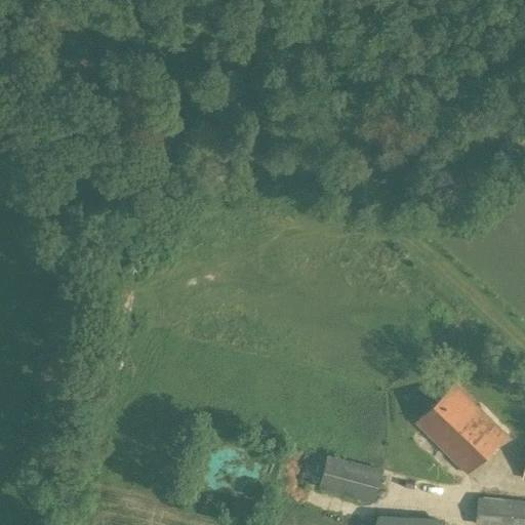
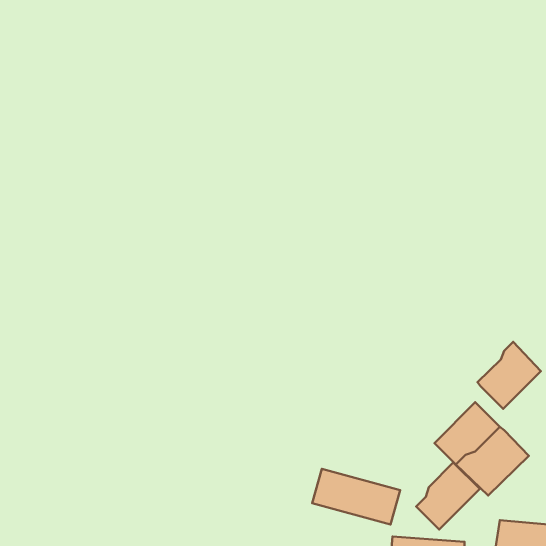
building: none -> [478,342,541,409]
building: none -> [416,463,480,529]

